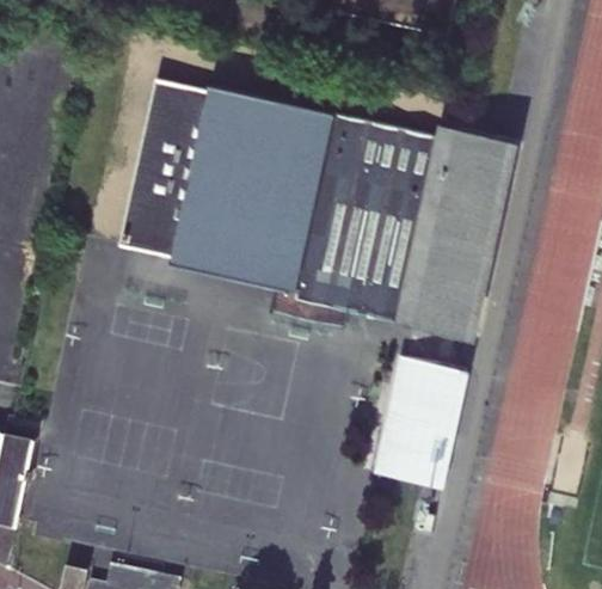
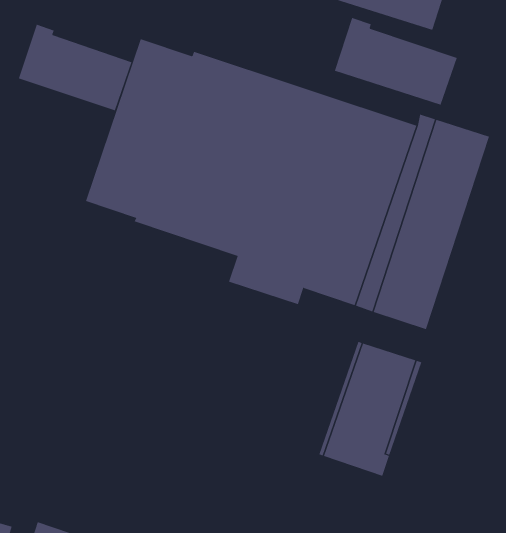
building: none -> [334,17,458,106]
building: none -> [18,24,132,111]

